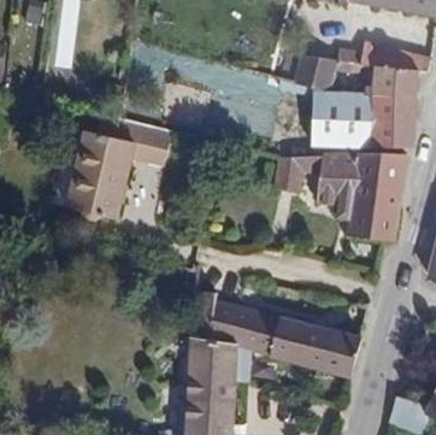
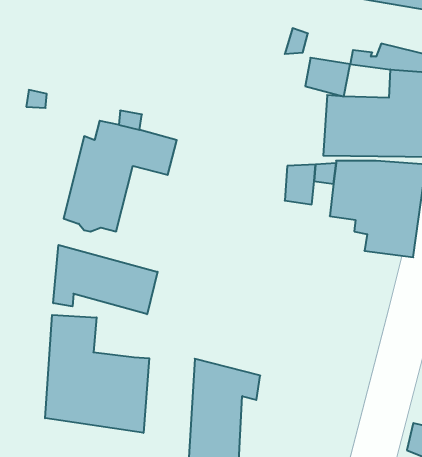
building: none -> [53,245,158,314]
building: [190,290,361,378] -> none
building: none -> [45,315,149,433]

